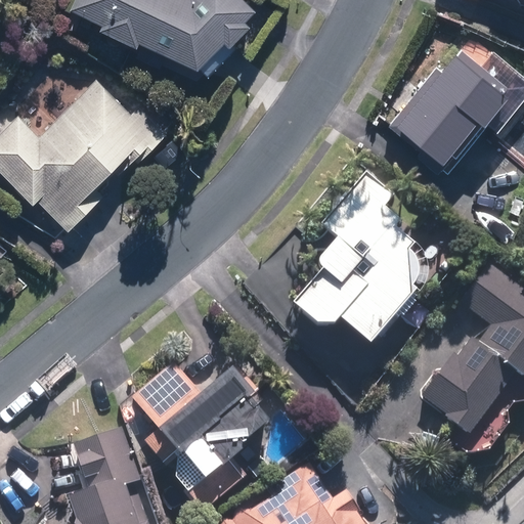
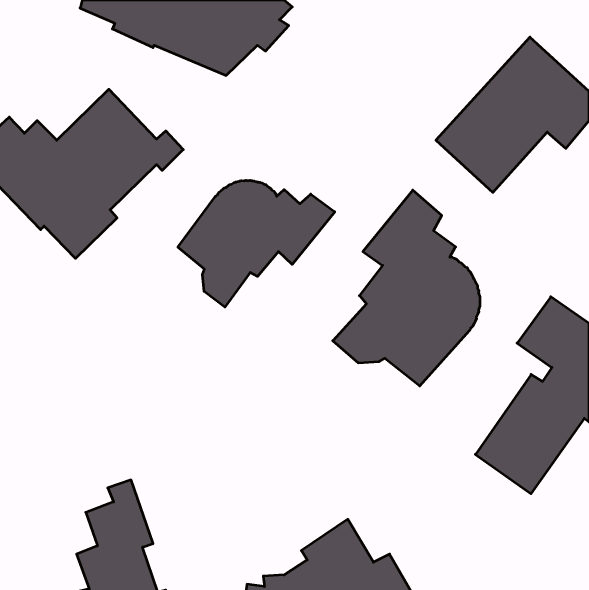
building: none -> [178,180,335,307]
building: [129,359,283,514] -> none

